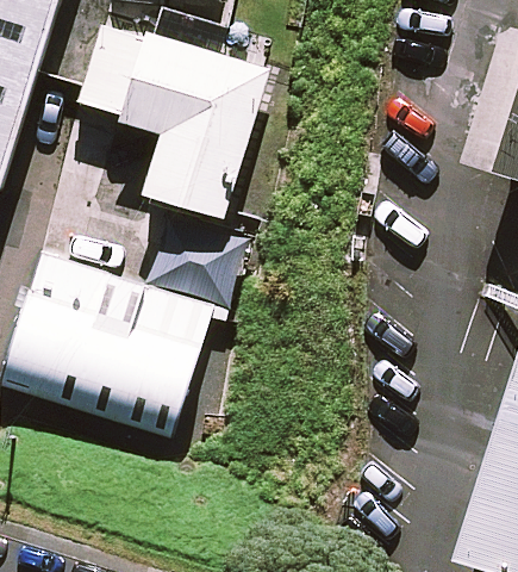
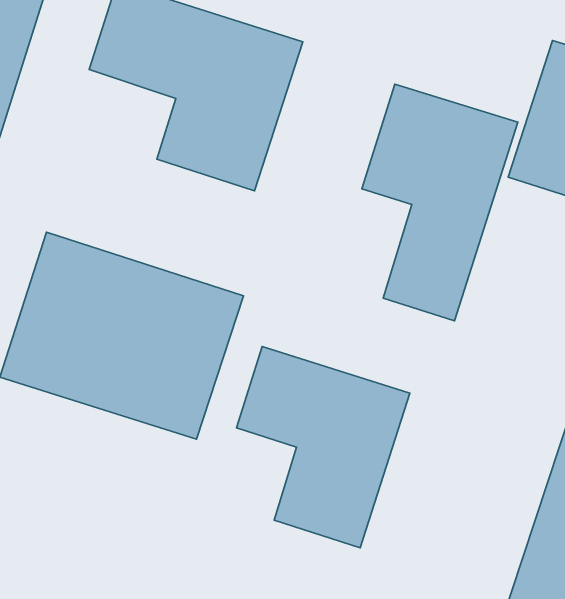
building: none -> [362,84,518,321]
building: none -> [236,346,410,548]

